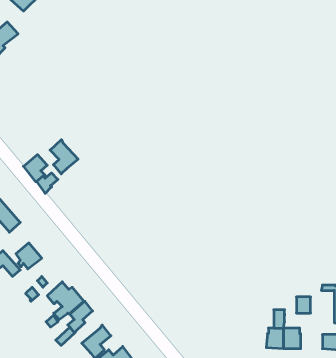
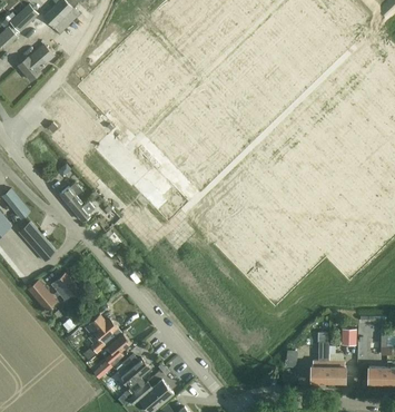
building: [50,140,78,174] -> none

